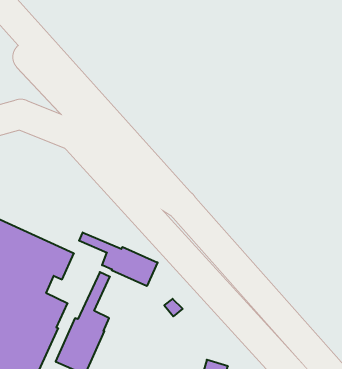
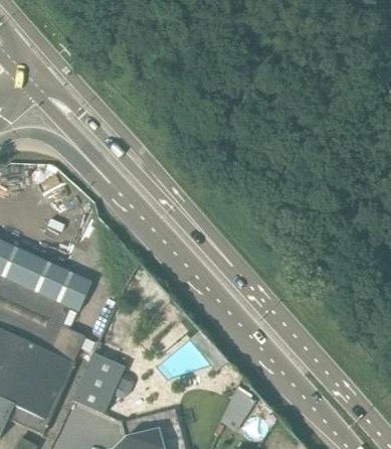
building: [79,232,158,286] -> none

